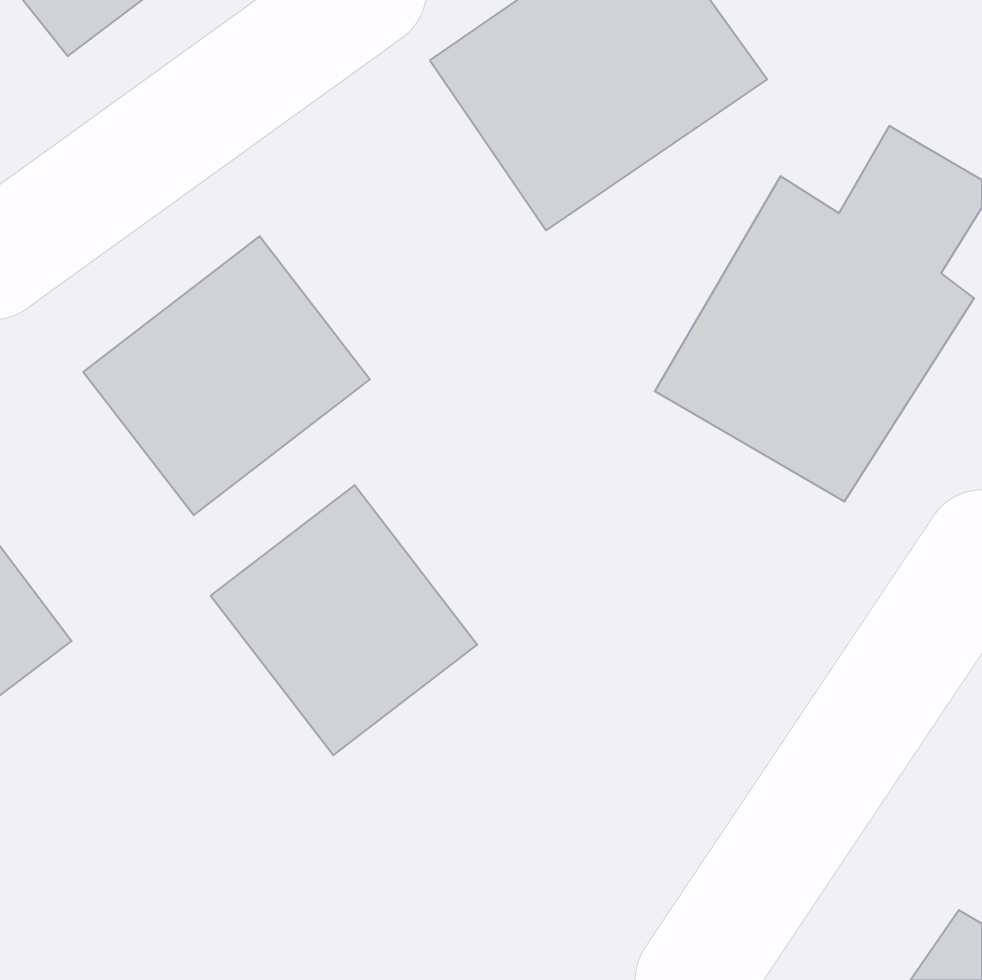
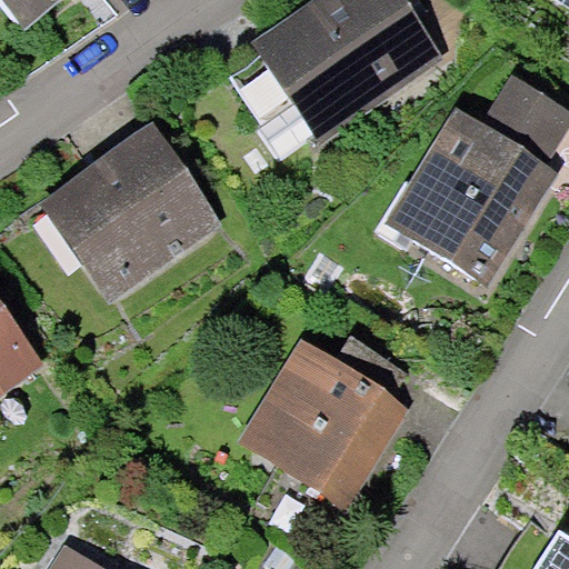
building: [211,485,477,755] -> none
building: none -> [254,349,417,511]

